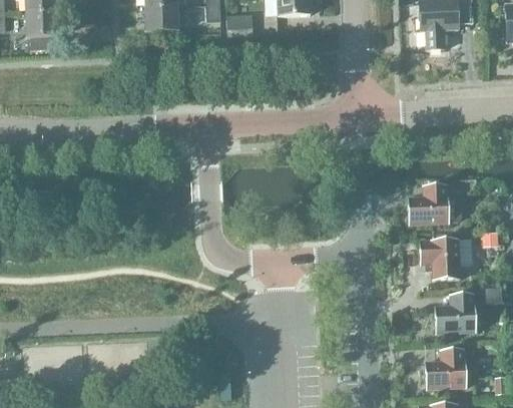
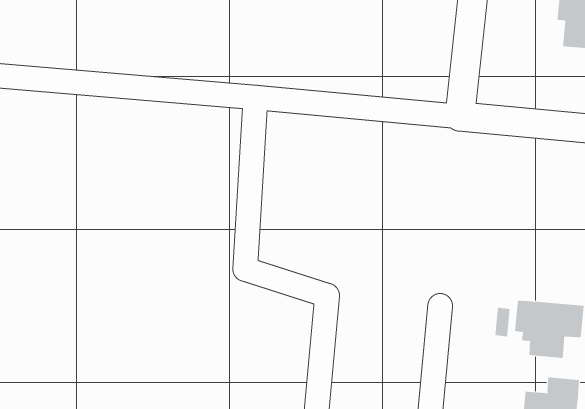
building: [408,183,461,224] -> none

